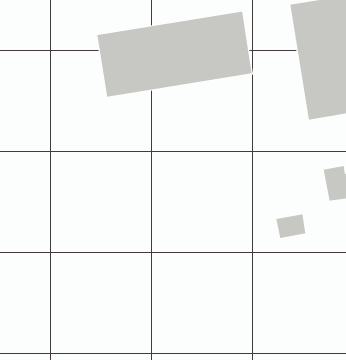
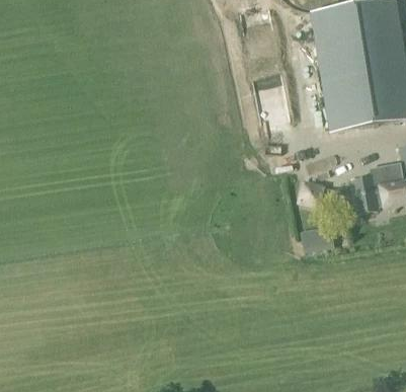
building: [97,11,252,98] -> none

